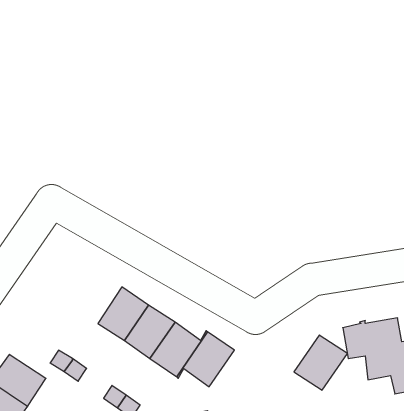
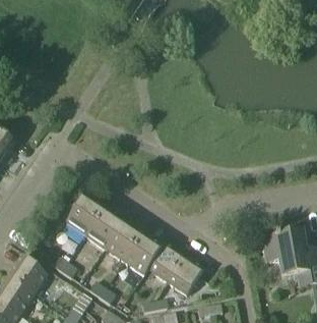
building: none -> [65,195,103,235]
building: [294,335,347,390] -> [166,255,204,294]

